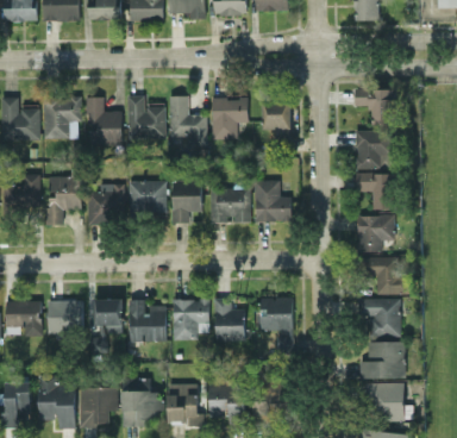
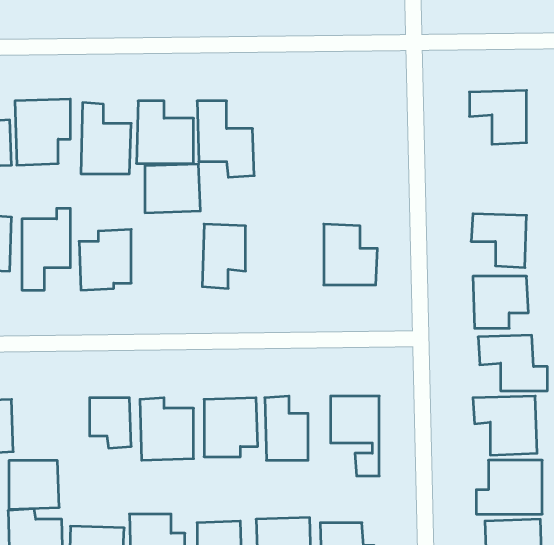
building: [212,96,248,139] -> none
building: [263,100,292,131] -> none
building: [355,130,392,169] -> none
building: [129,180,167,213] -> [145,164,200,213]
building: [209,188,250,223] -> none
building: [48,300,82,333] -> [9,461,59,509]

